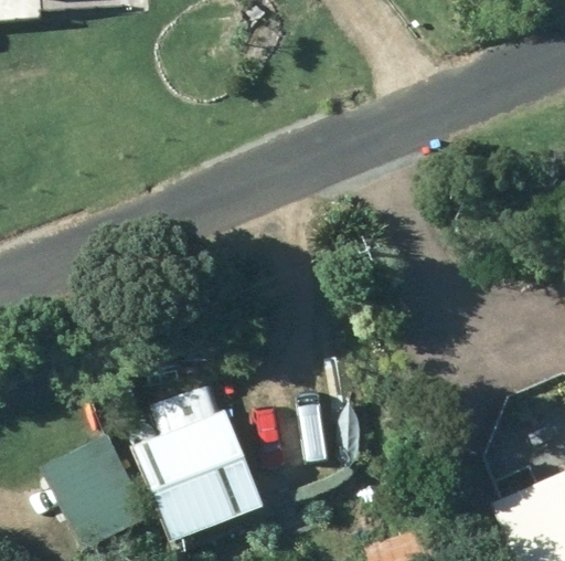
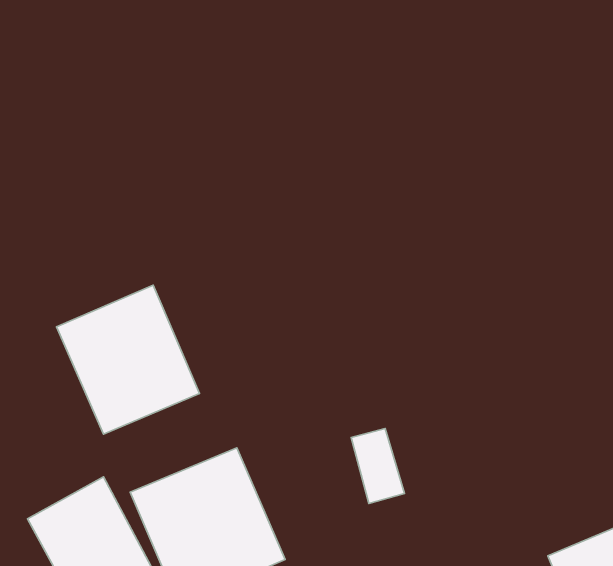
building: none -> [56,285,199,434]

